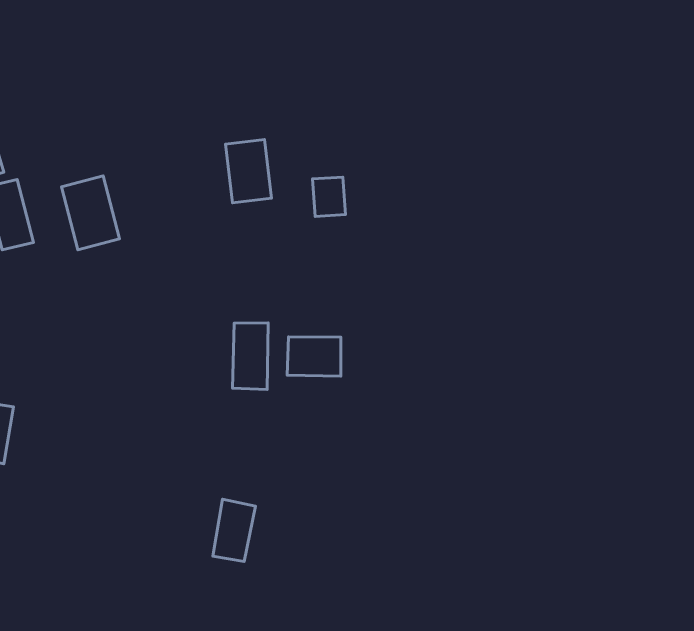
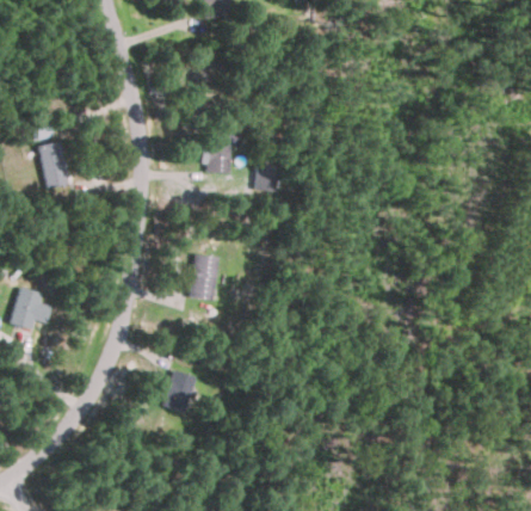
building: [61,176,120,250] -> none
building: [287,337,341,376] -> none

